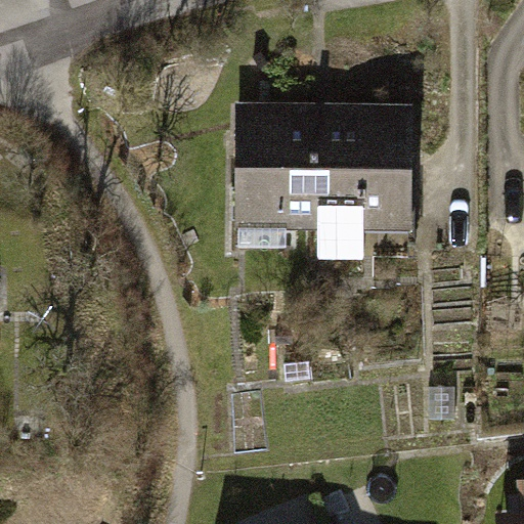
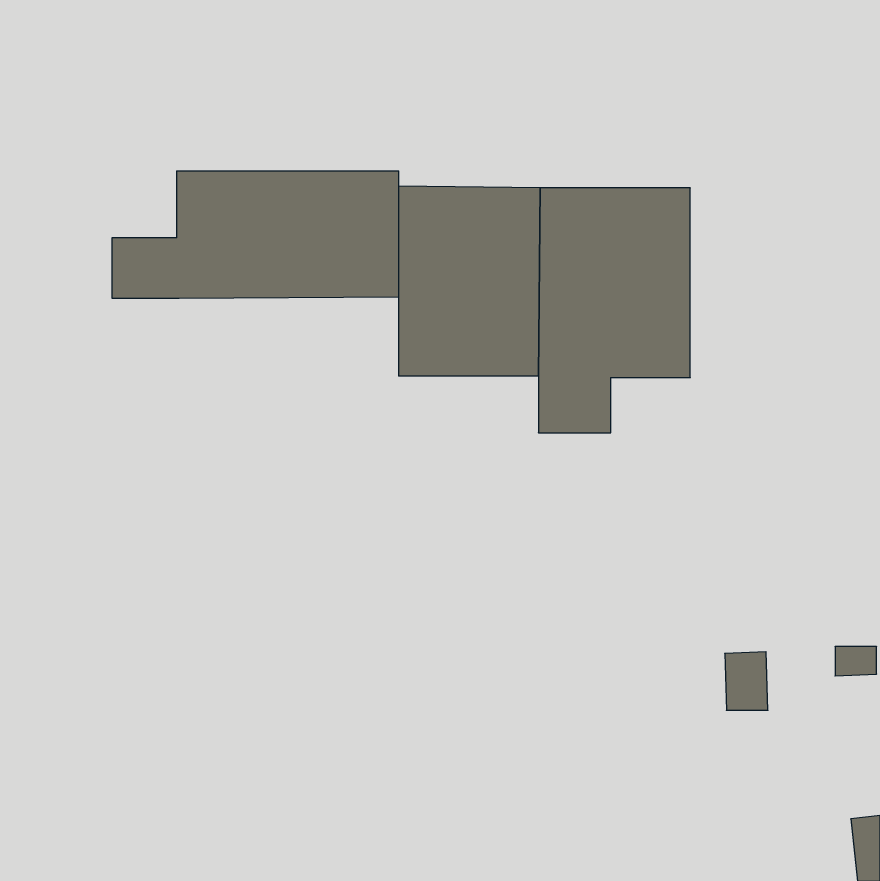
building: none -> [112,171,399,298]

